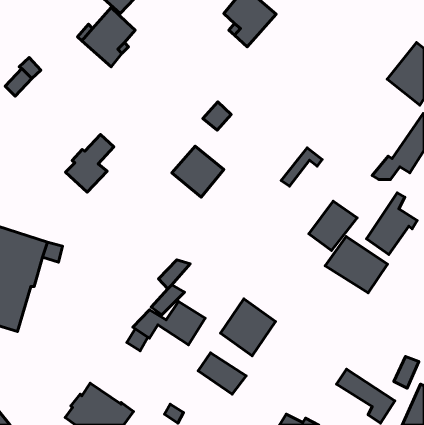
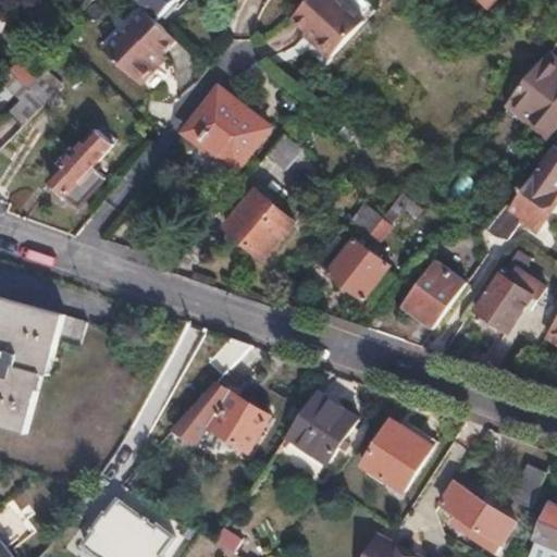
building: none -> [185,89,269,162]
building: [66,134,114,192] -> [49,129,112,205]
building: none -> [315,236,387,297]
building: [325,236,388,293] -> none
building: none -> [363,421,432,491]
building: [198,353,246,394] -> none

